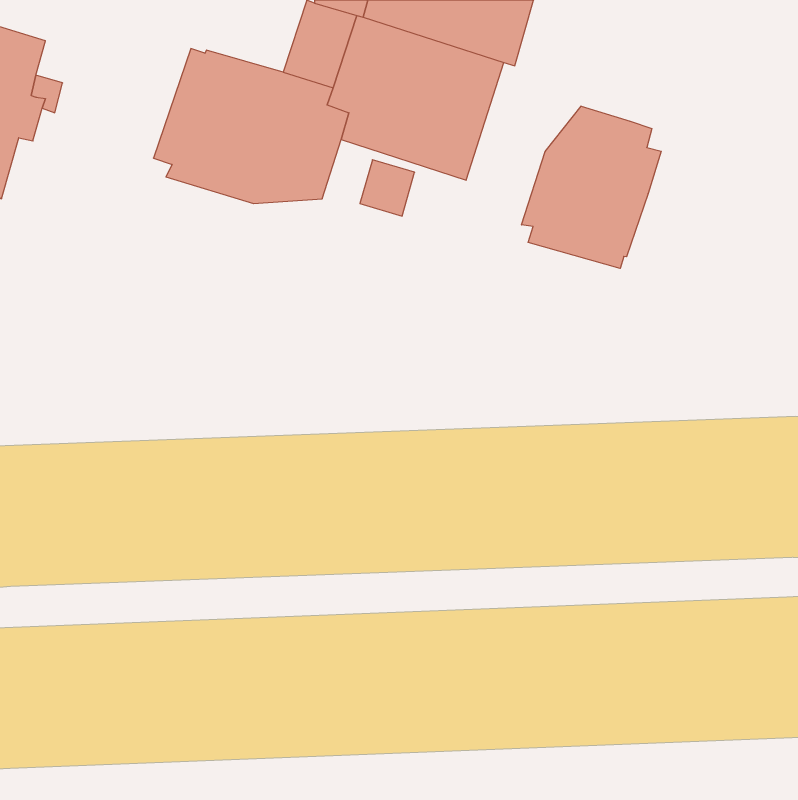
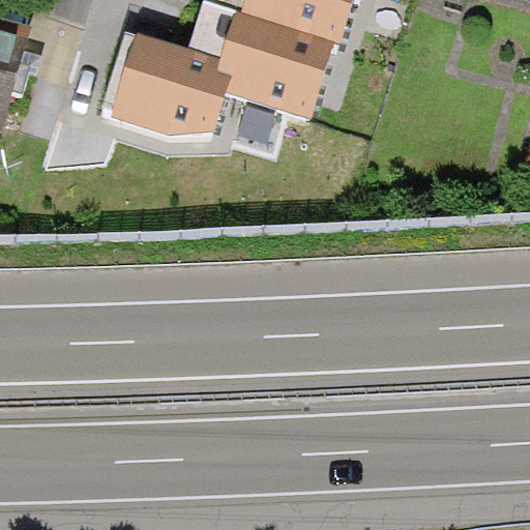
building: [522,106,661,268] -> none

